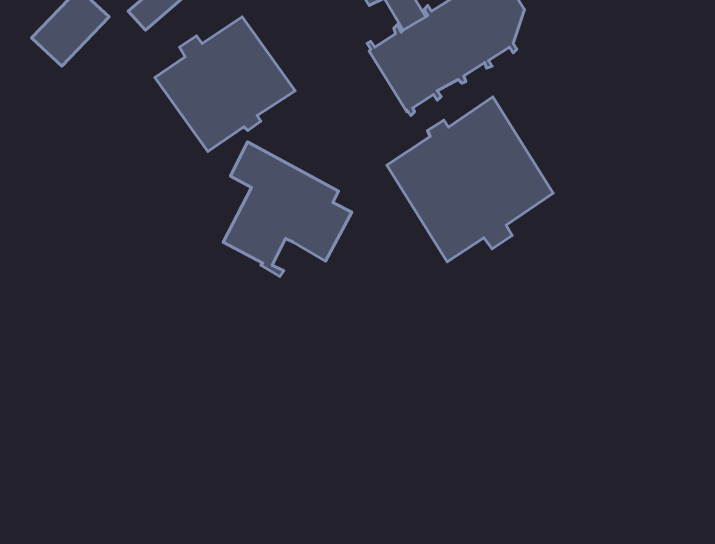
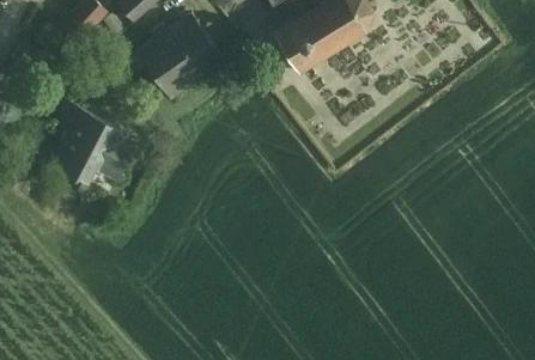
building: [387,97,553,262] -> none
building: [223,142,352,276] -> [53,103,134,188]

